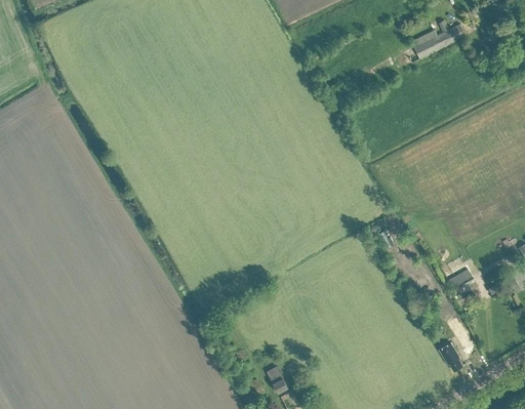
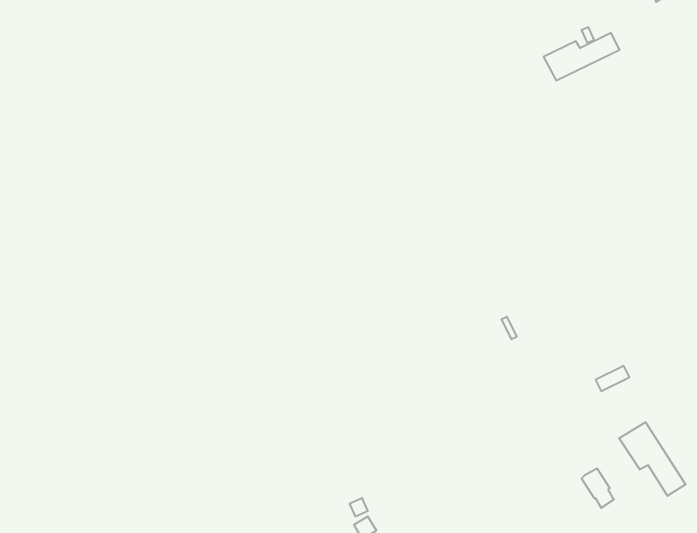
building: none -> [619,422,686,496]

